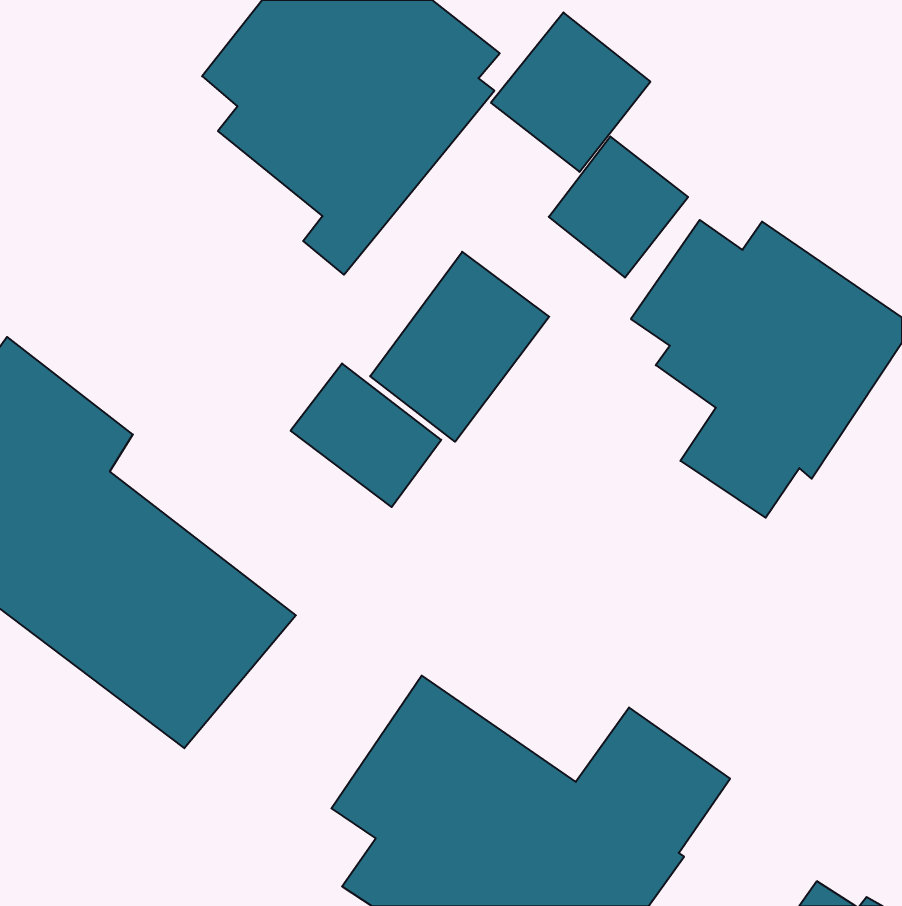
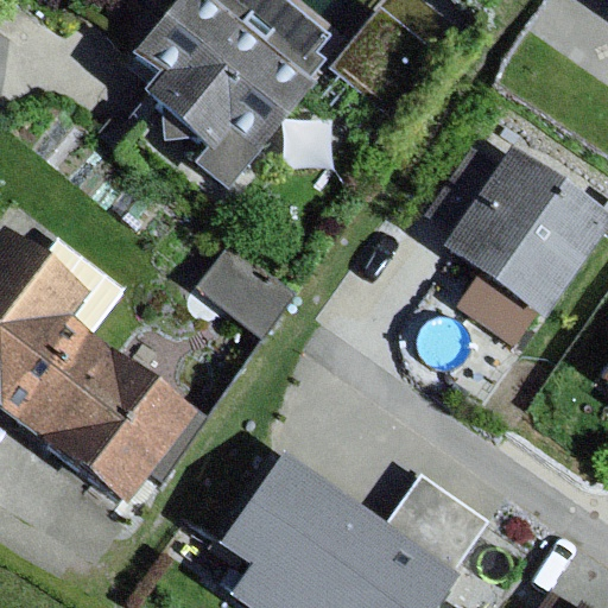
building: [549,136,688,278] -> none
building: [370,252,549,442] -> none

